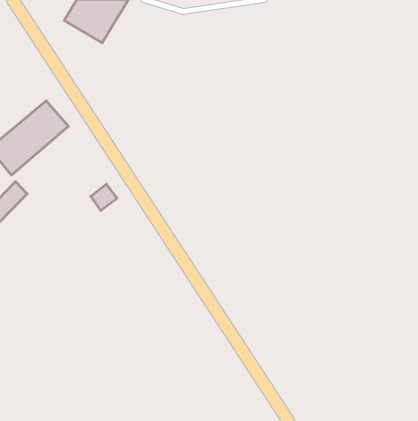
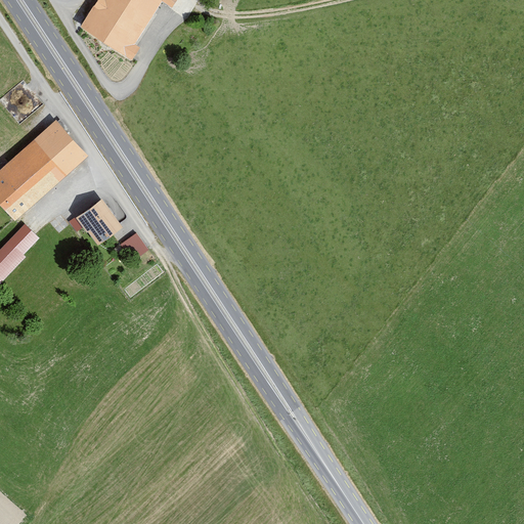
building: none -> [79,201,121,244]

